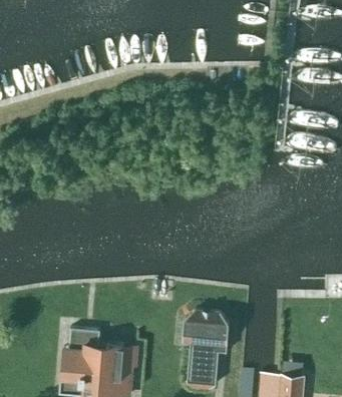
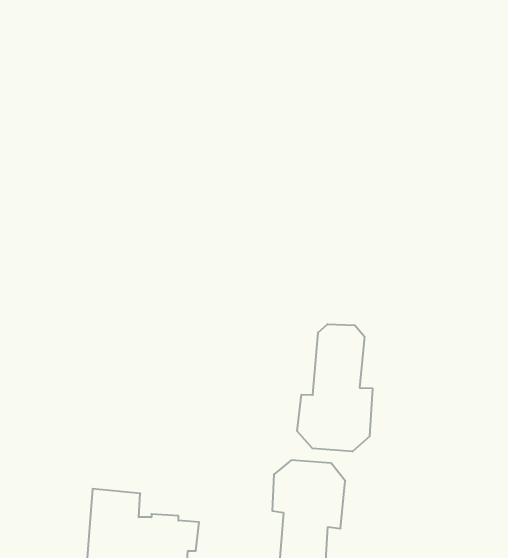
building: none -> [297,324,372,452]

